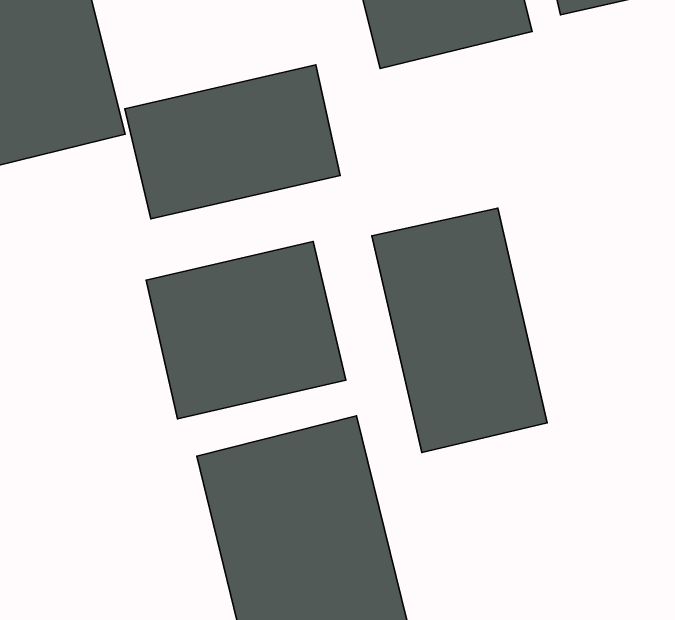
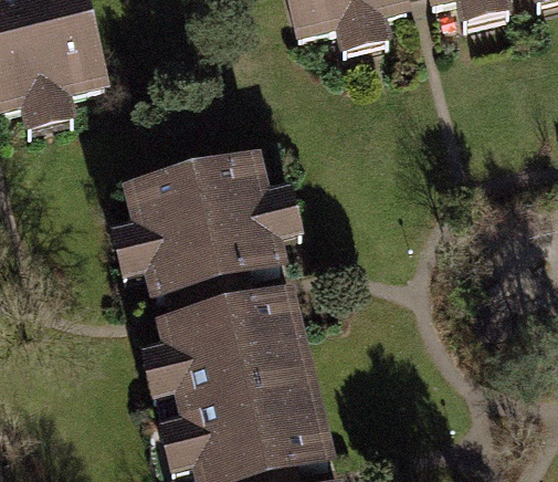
building: [125,65,340,219] -> none
building: [372,208,547,452] -> none

